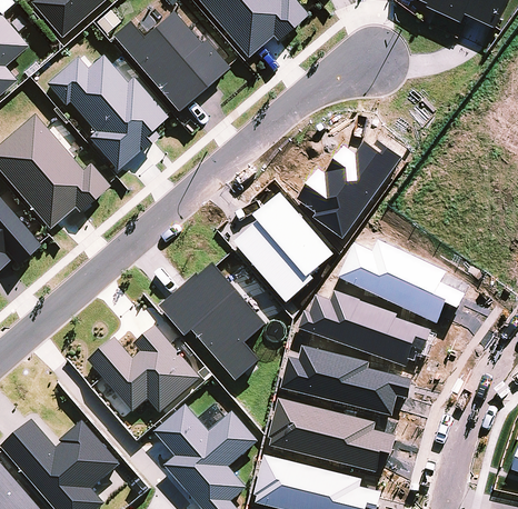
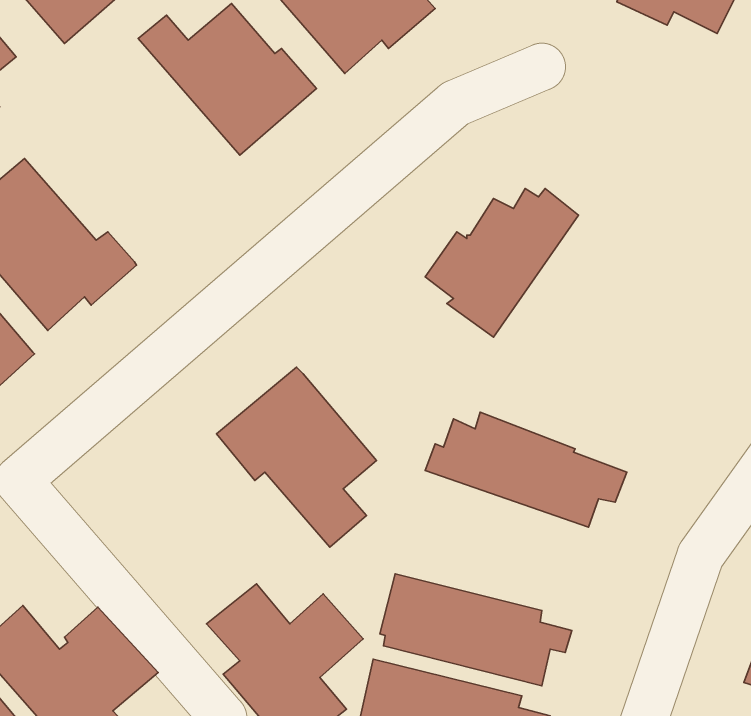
building: [42,58,165,174] -> none
building: [236,189,336,300] -> none
building: [338,238,466,322] -> none
building: [87,323,199,411] -> none
building: [281,343,412,415] -> none

